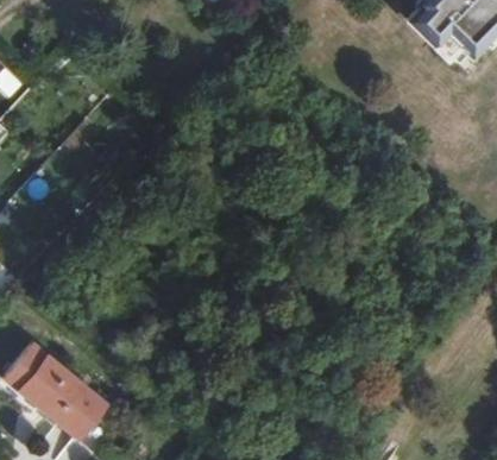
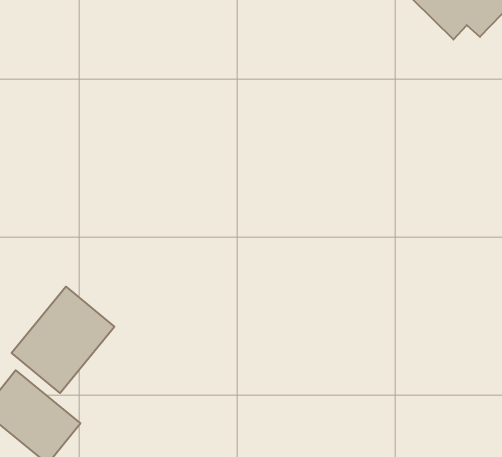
building: none -> [12,287,114,393]

